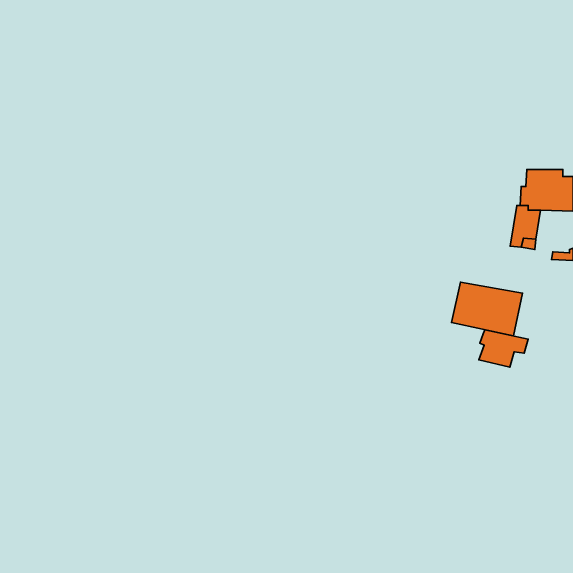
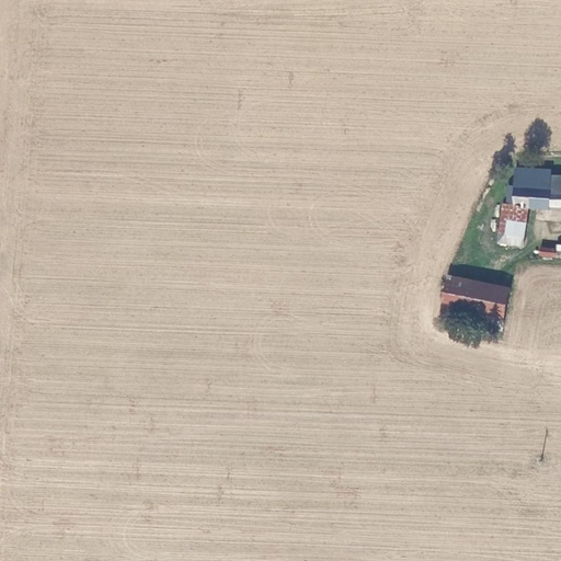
building: [479,330,528,367] -> none

